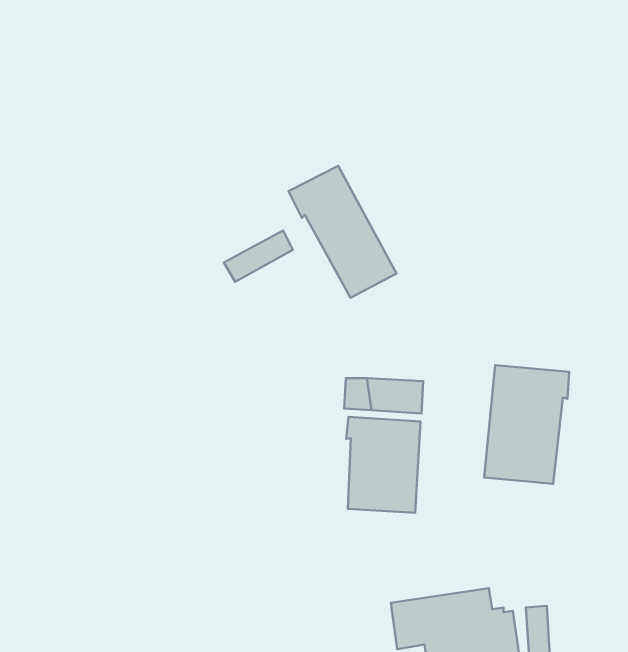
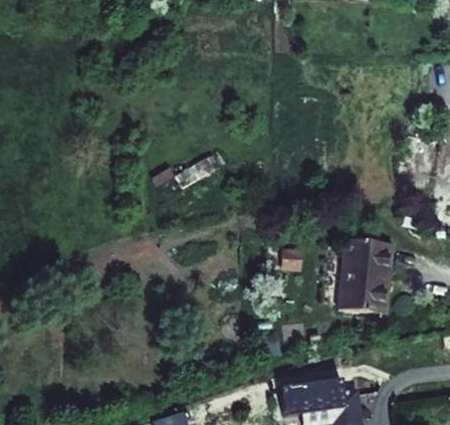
building: [289,166,397,298] -> none
building: [346,417,420,513] -> none

